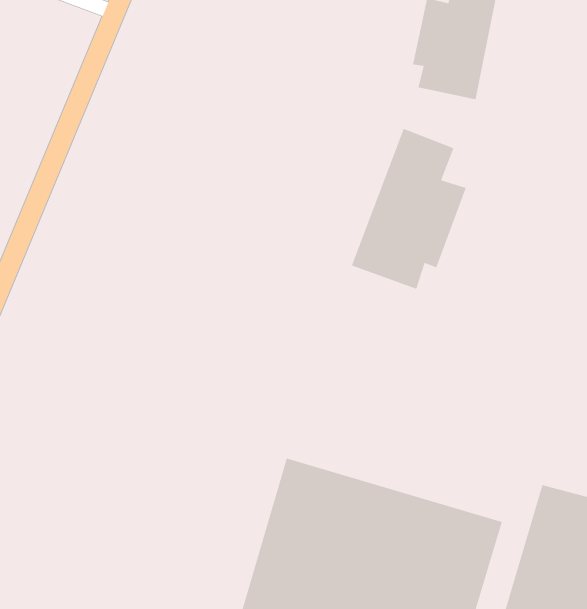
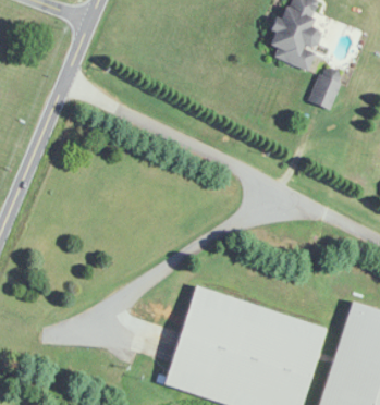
building: none -> [310,70,343,109]
building: [351,128,467,290] -> none

